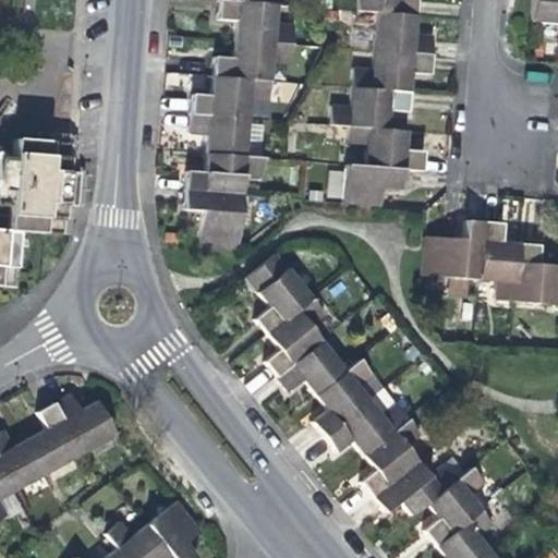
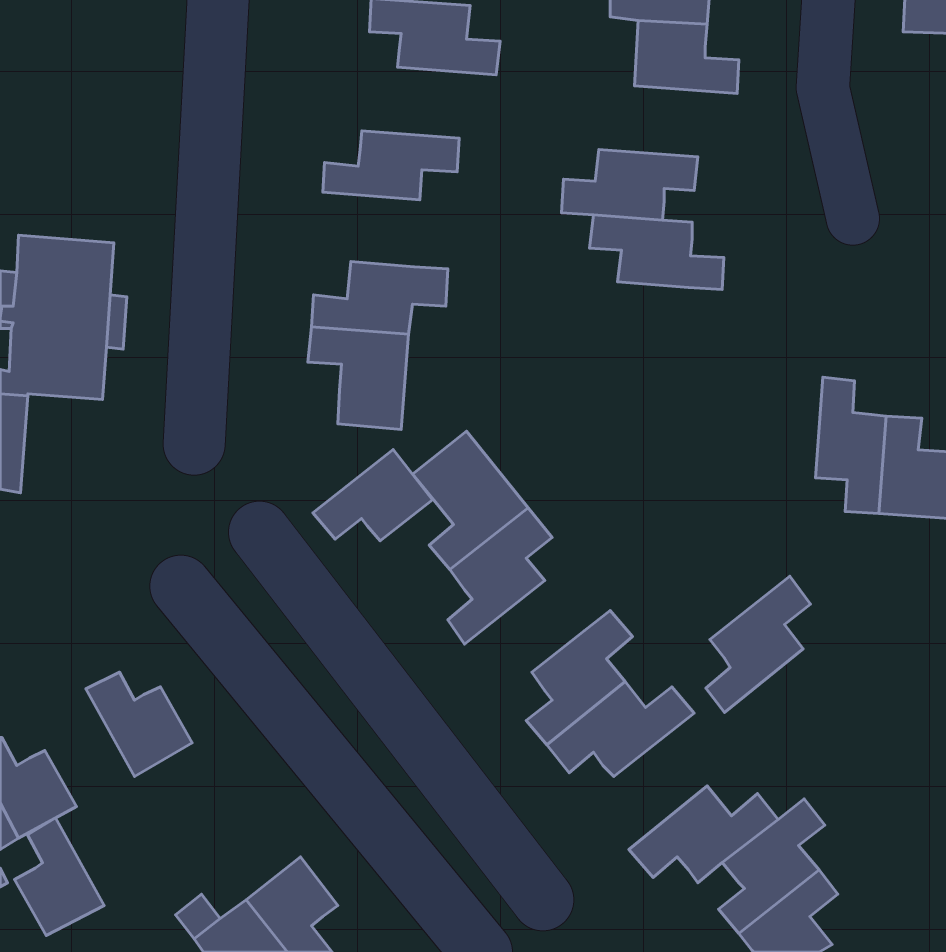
building: [216,39,294,81] -> none
building: [354,50,435,92] -> none
building: [191,112,250,156] -> none
building: [344,163,407,205] -> none
building: [424,219,485,279] -> none
building: [276,339,345,392] -> [313,449,432,541]
building: [31,402,83,471] -> [15,818,104,935]
building: [361,416,422,496] -> [706,576,810,712]

